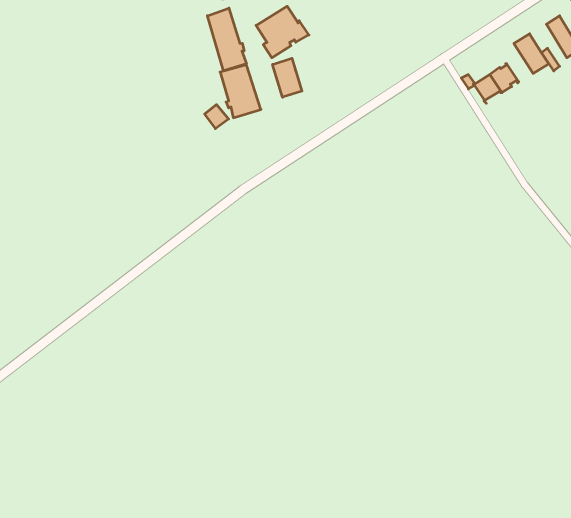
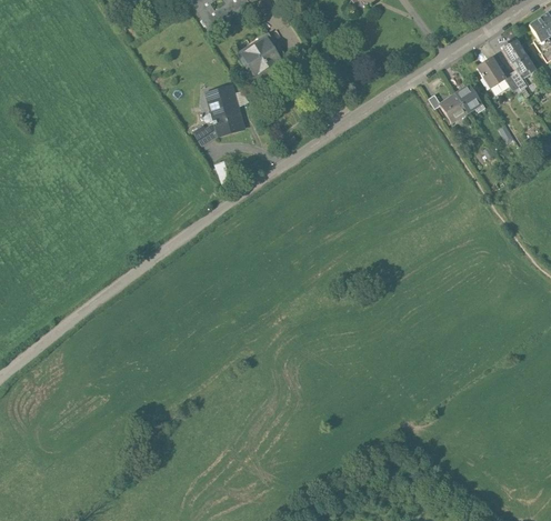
building: [207,8,246,71] -> none
building: [273,58,302,97] -> none

